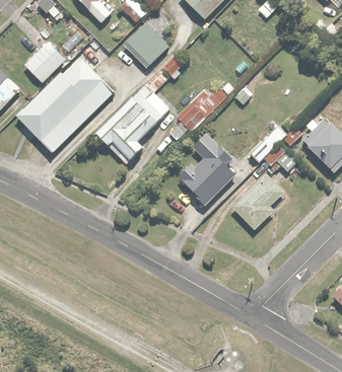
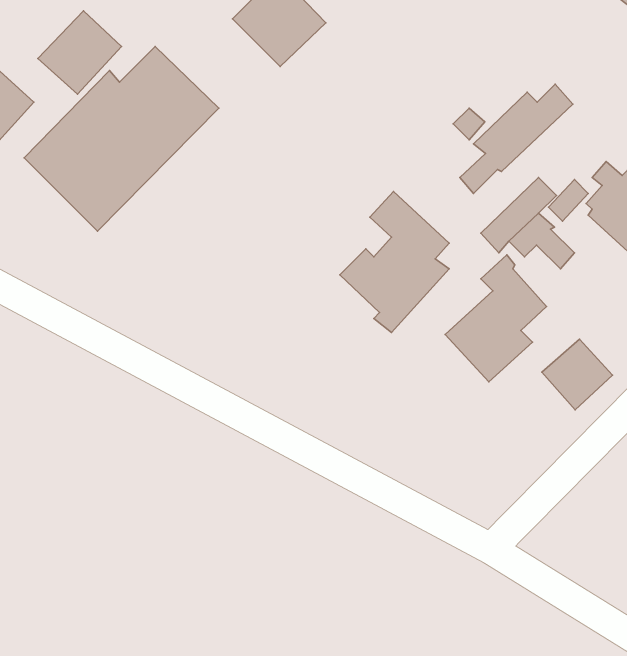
building: [94,56,186,164] -> none
building: [168,87,226,143] -> [460,84,573,193]
building: none -> [542,339,613,410]

